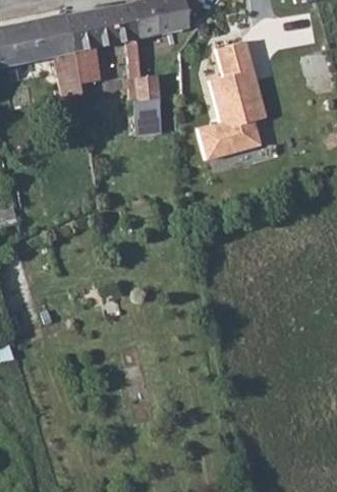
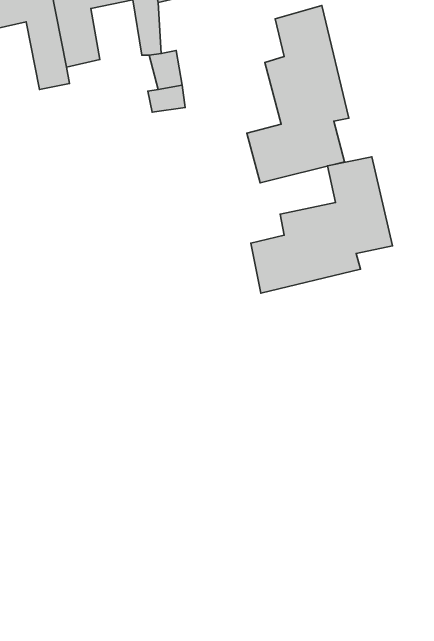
building: none -> [251,157,392,293]

